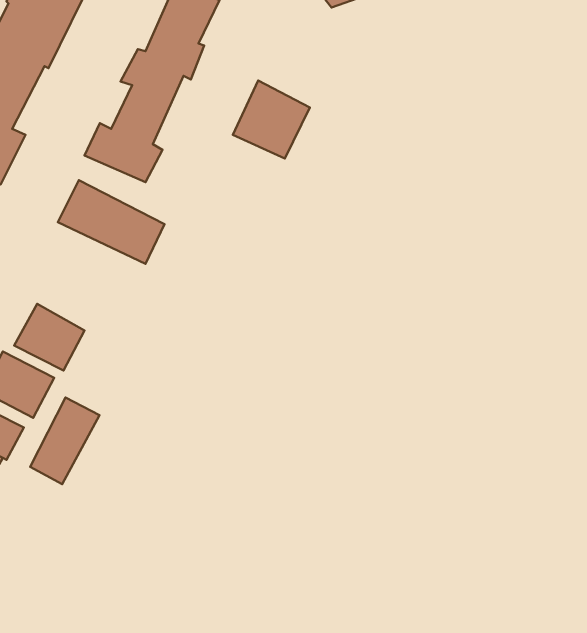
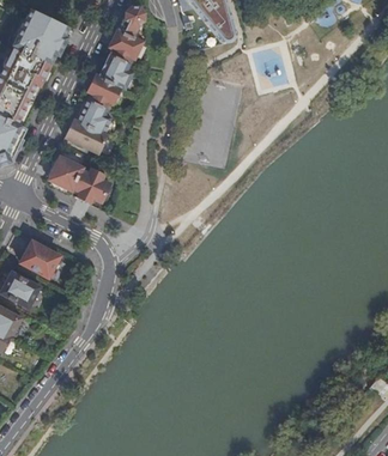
building: [233,81,310,159] -> none
building: [30,397,100,484] -> none

